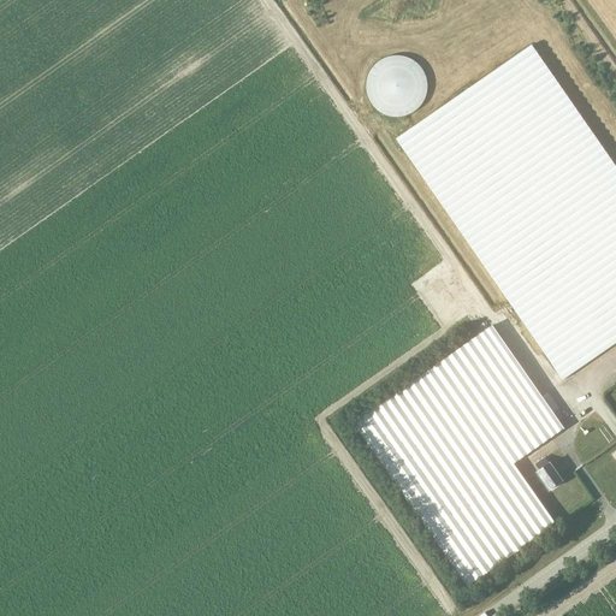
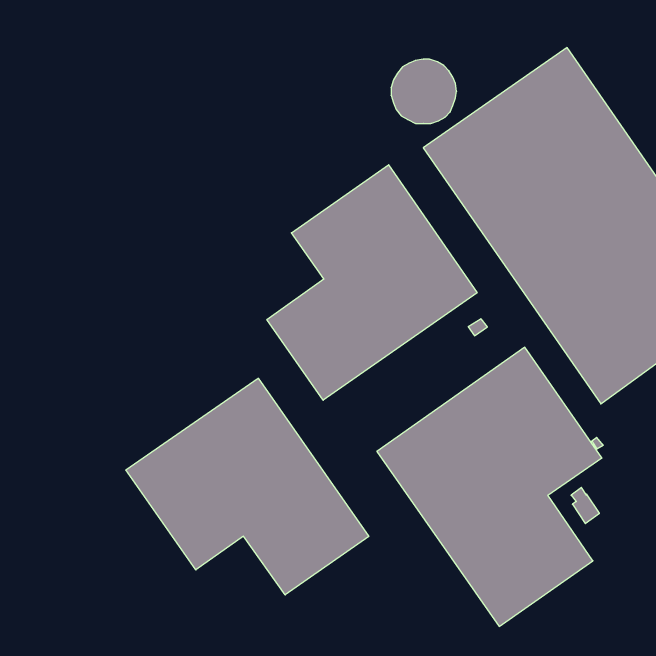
building: none -> [267,165,477,400]
building: none -> [126,378,369,595]

